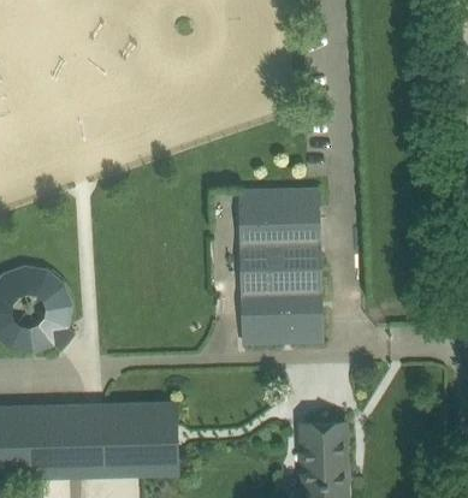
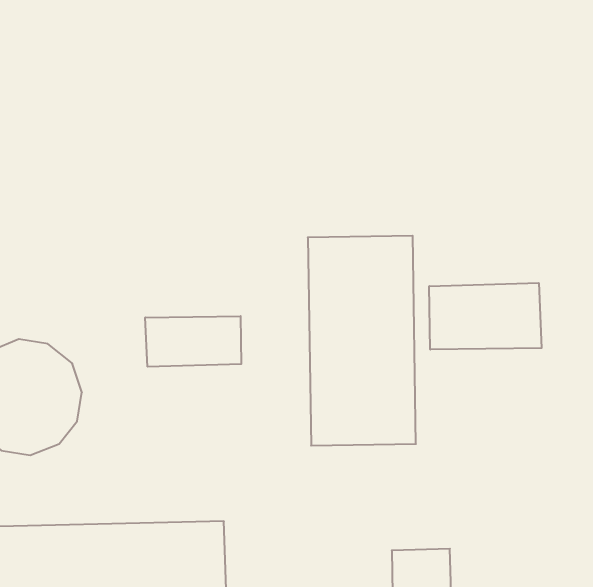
building: none -> [429,283,542,350]
building: none -> [145,316,241,367]

